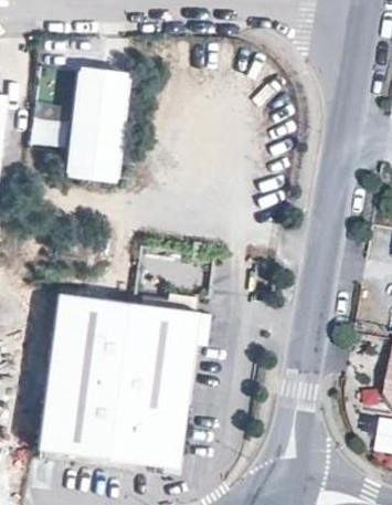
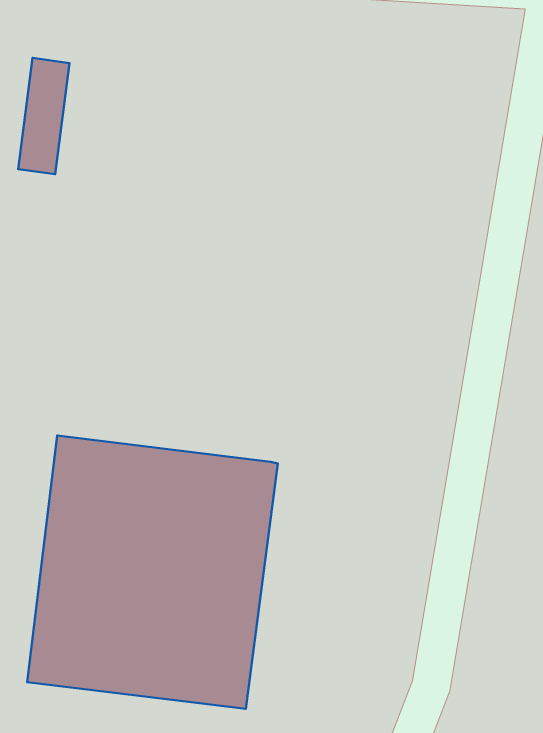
building: [67,71,124,173] -> none

